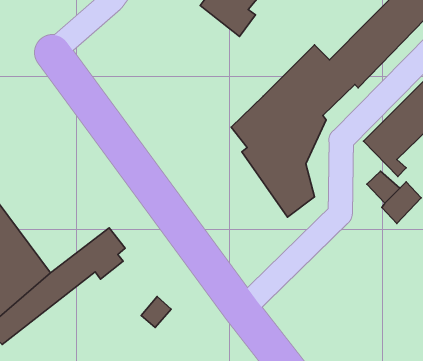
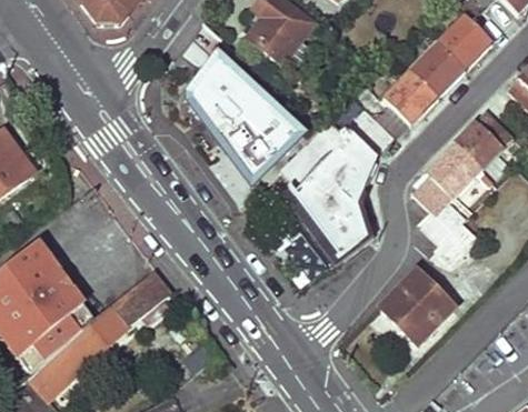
building: none -> [189,49,313,187]
building: none -> [381,270,455,343]

